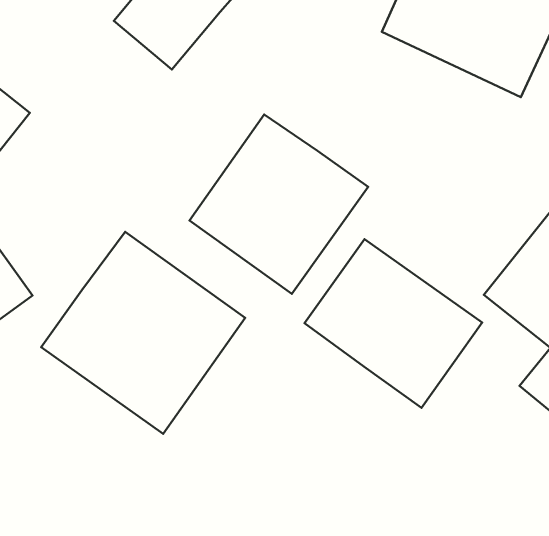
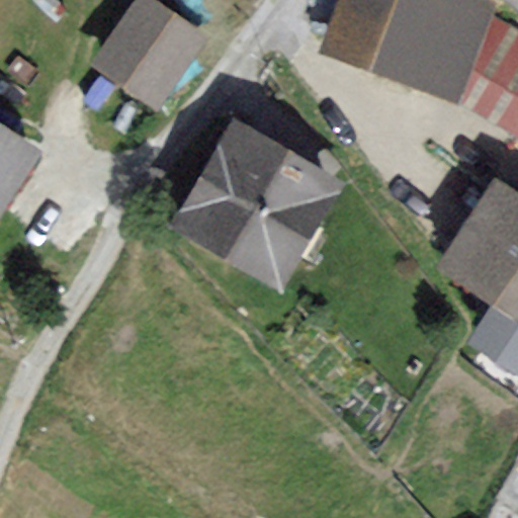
building: [41,232,245,434] -> none
building: [304,239,482,408] -> none

